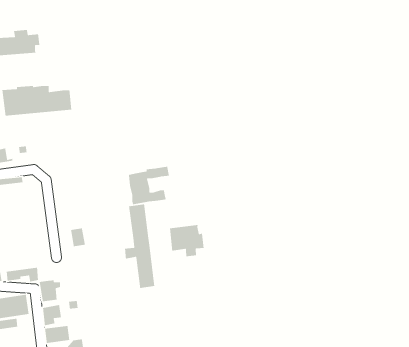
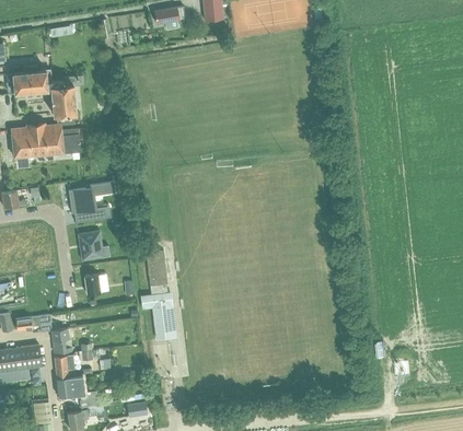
building: none -> [47,75,83,116]
building: [125,166,170,205] -> [67,182,114,223]
building: none -> [77,231,108,260]
building: [169,224,204,257] -> none

